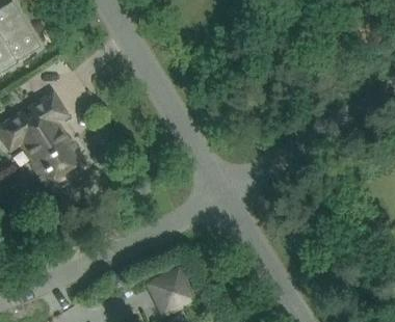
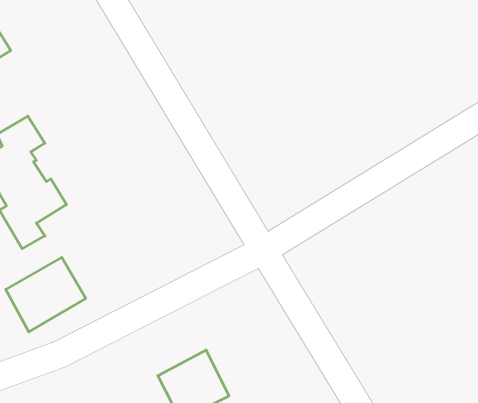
building: none -> [6,257,86,332]

